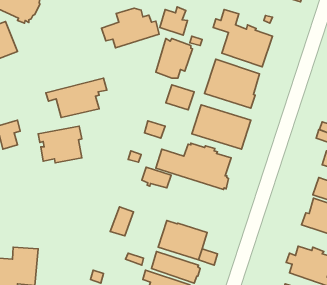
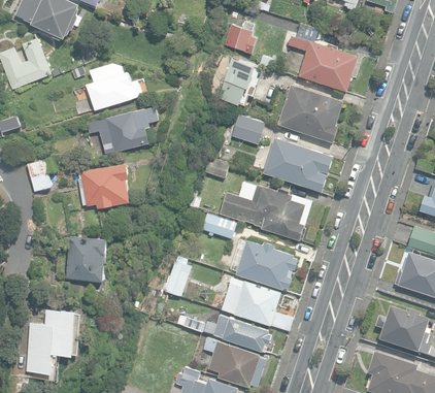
building: [102,8,159,48] -> [73,65,142,112]
building: none -> [66,236,107,282]
building: none -> [236,237,298,289]

